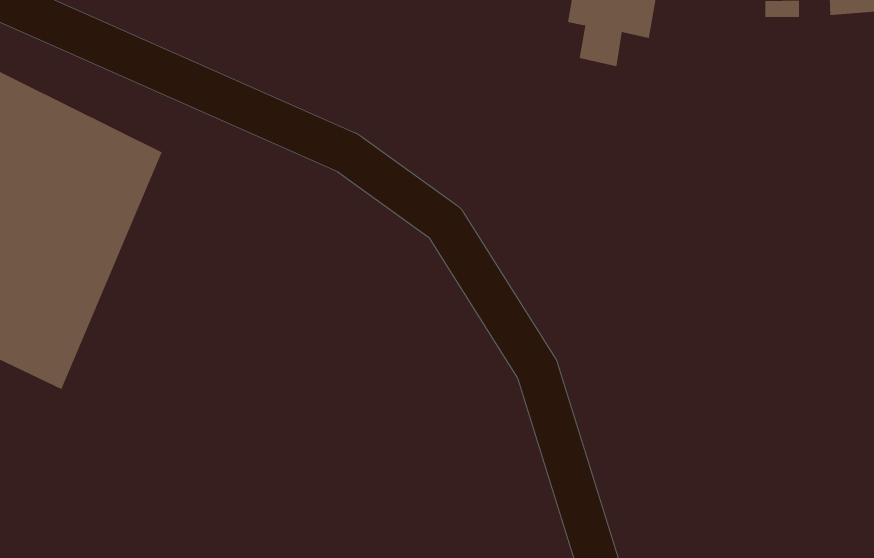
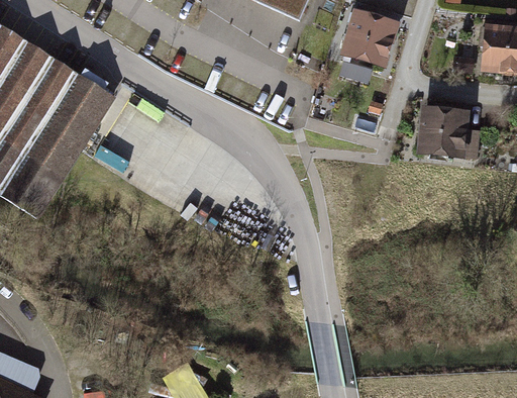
building: none -> [413,98,475,155]

